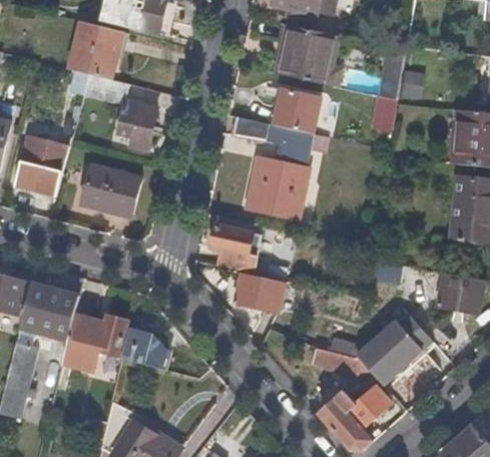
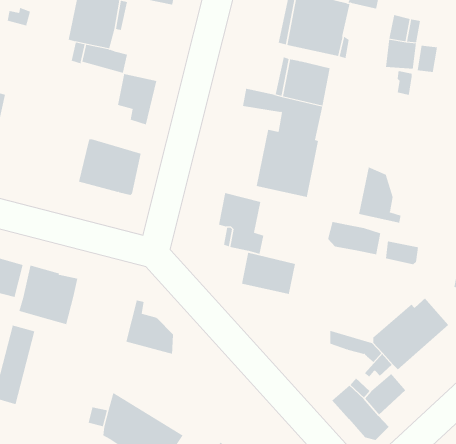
building: [15,138,67,194] -> none
building: none -> [359,166,401,224]
building: none -> [328,221,381,255]
building: [61,312,126,370] -> none

